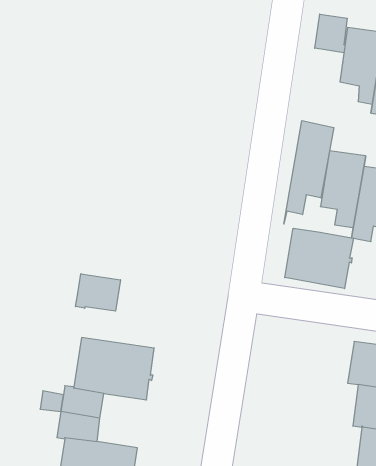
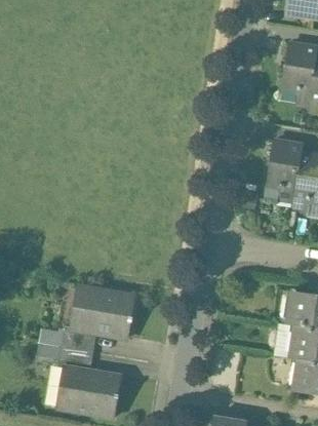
building: [315,14,347,53] -> none
building: [284,121,334,224] -> none
building: [285,228,353,289] -> none
building: [76,274,120,311] -> none

